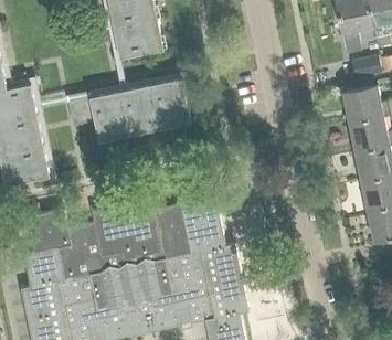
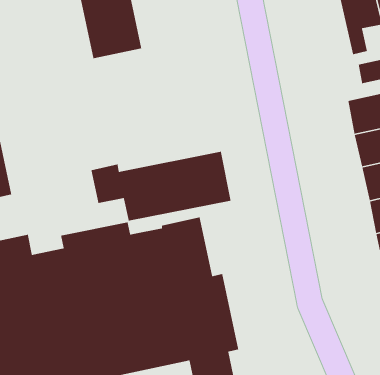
building: [66,78,190,140] -> [90,151,232,221]

